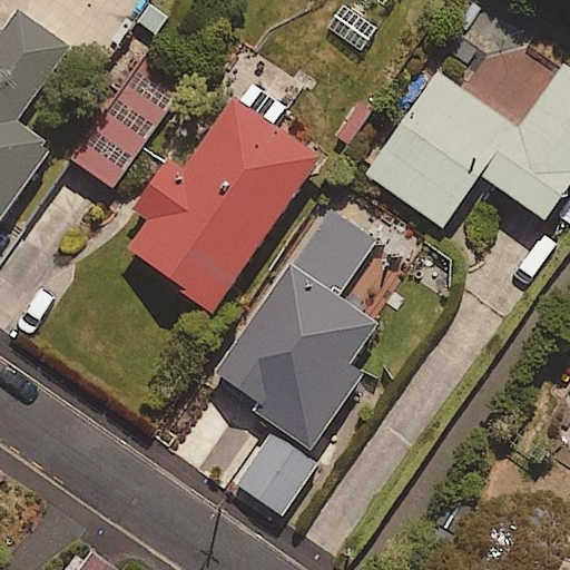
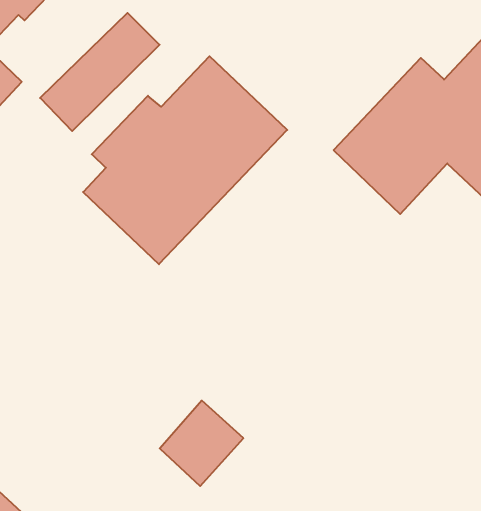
building: [214,210,375,444] -> none

